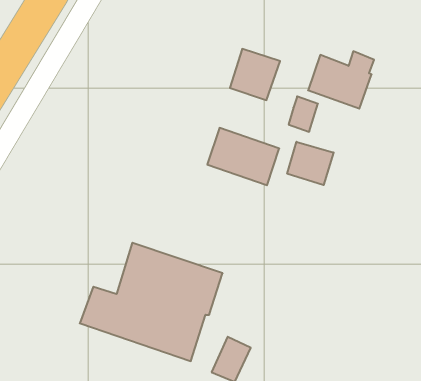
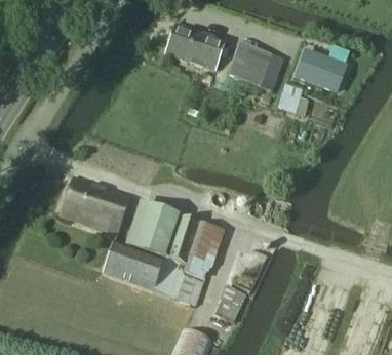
building: [207,128,279,185] -> [165,22,226,70]
building: [287,142,334,185] -> none
building: none -> [60,175,131,234]

